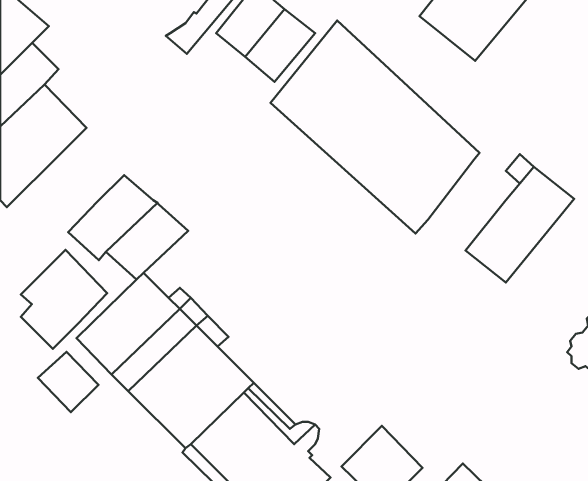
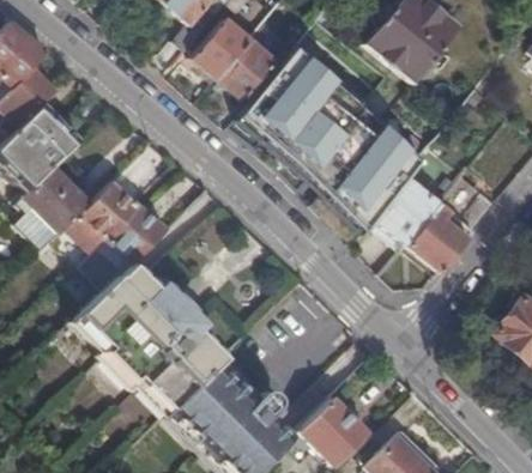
building: none -> [375,166,442,244]
building: [21,250,107,349] -> [17,165,91,250]
building: [38,352,98,412] -> none

